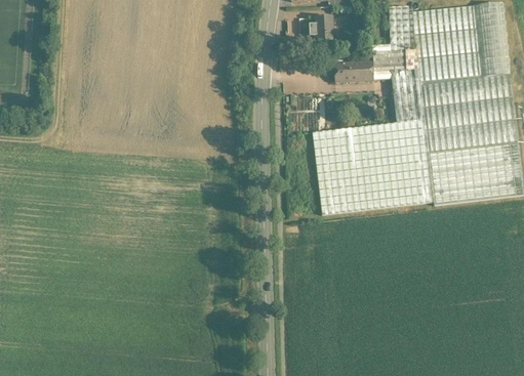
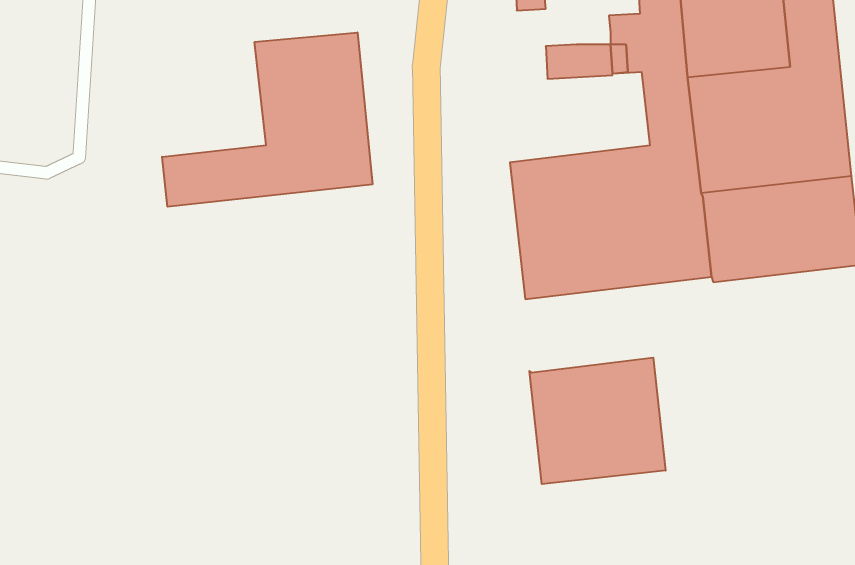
building: none -> [162,32,372,207]
building: none -> [529,358,666,484]

